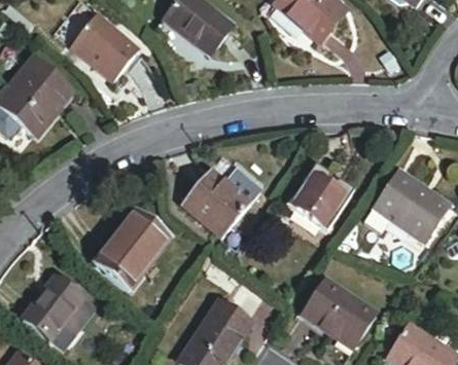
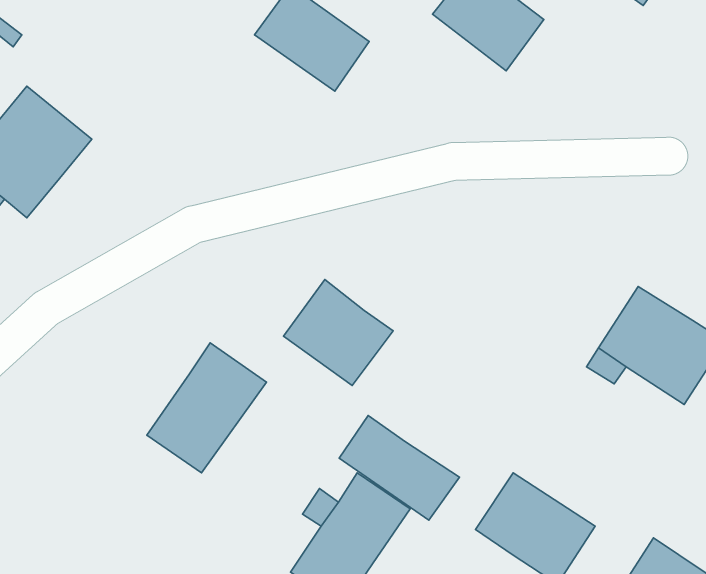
building: [71,14,141,81] -> none
building: [287,161,352,227] -> none
building: none -> [339,415,459,520]
building: [27,278,89,341] -> none

